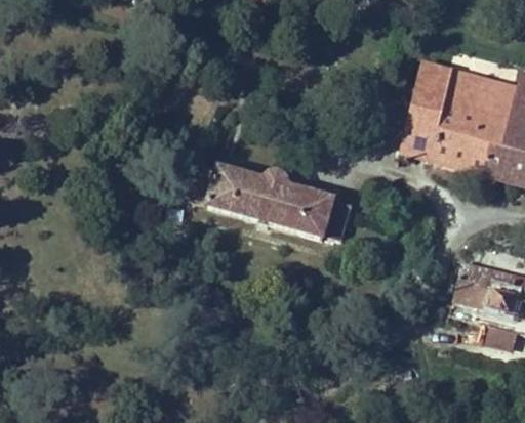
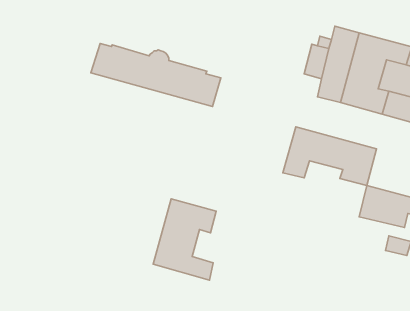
building: [193,163,355,242] -> [91,43,221,107]
building: none -> [283,127,376,186]
building: none -> [153,199,216,280]

